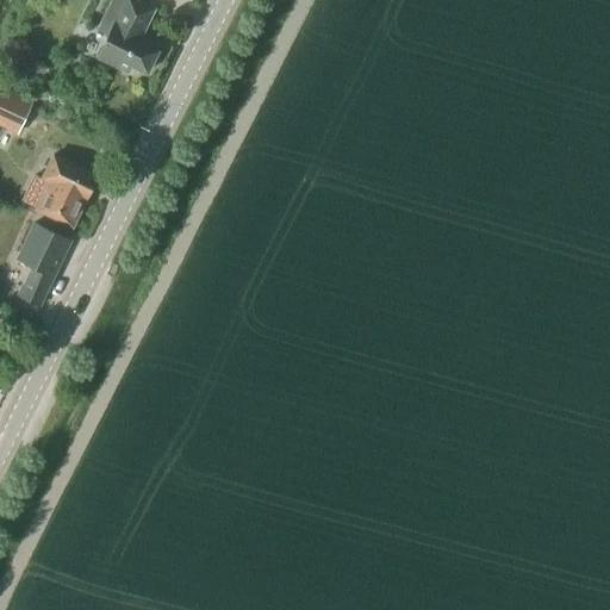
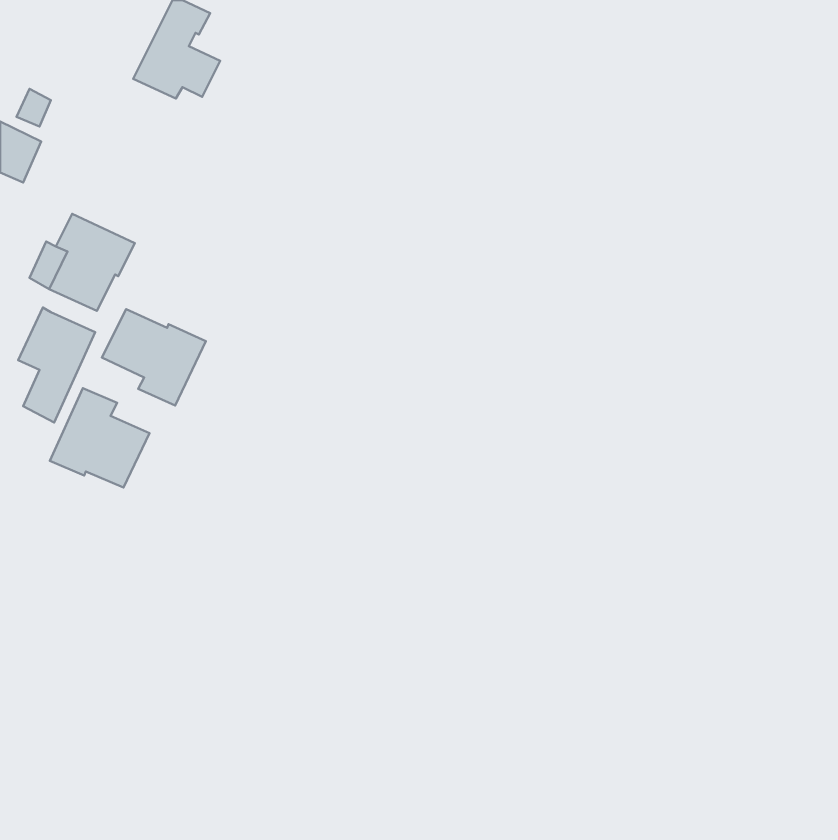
building: none -> [102,309,206,406]
building: none -> [50,388,150,488]

